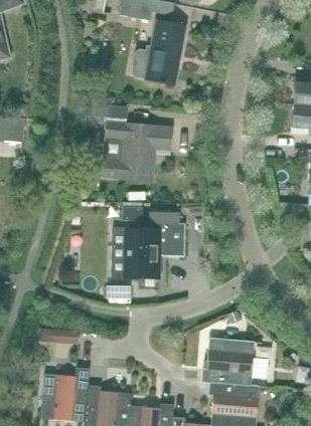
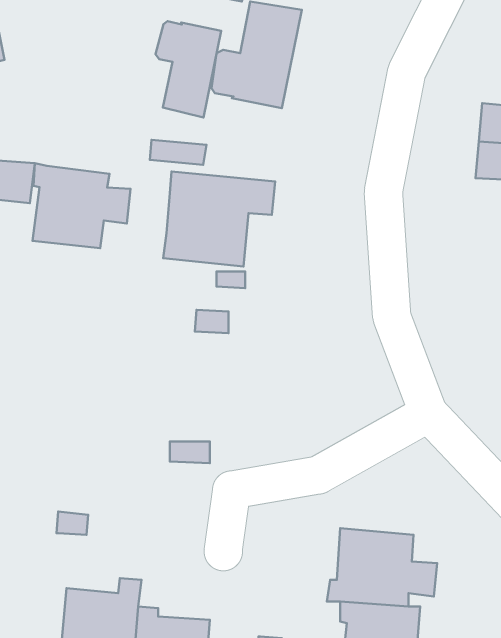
building: none -> [156,21,221,118]
building: none -> [33,163,130,248]
building: [125,211,185,274] -> none

